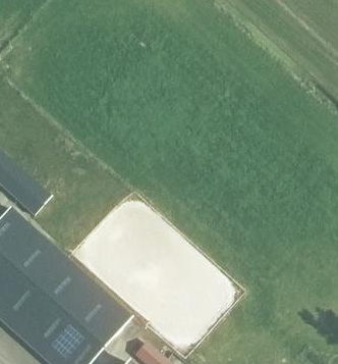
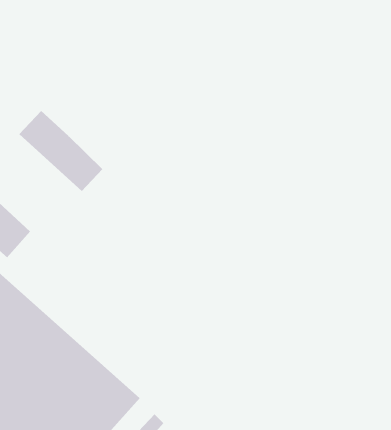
building: none -> [19,110,103,192]

